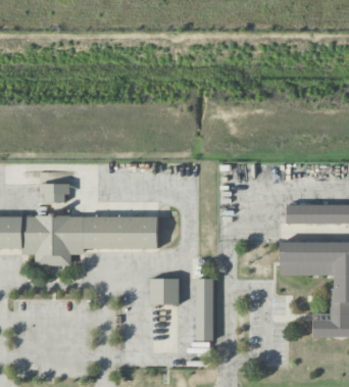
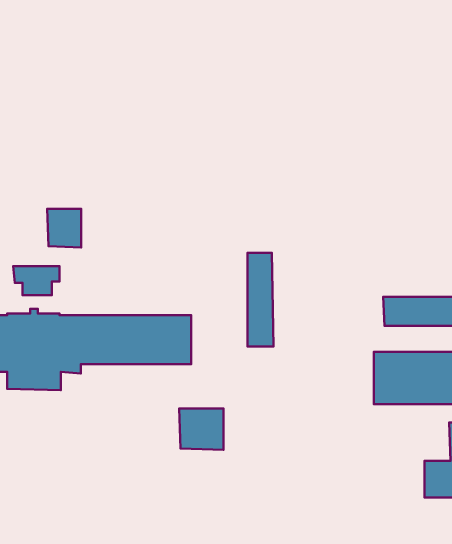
building: none -> [47,209,81,248]
building: [196,279,213,341] -> [247,253,273,346]

